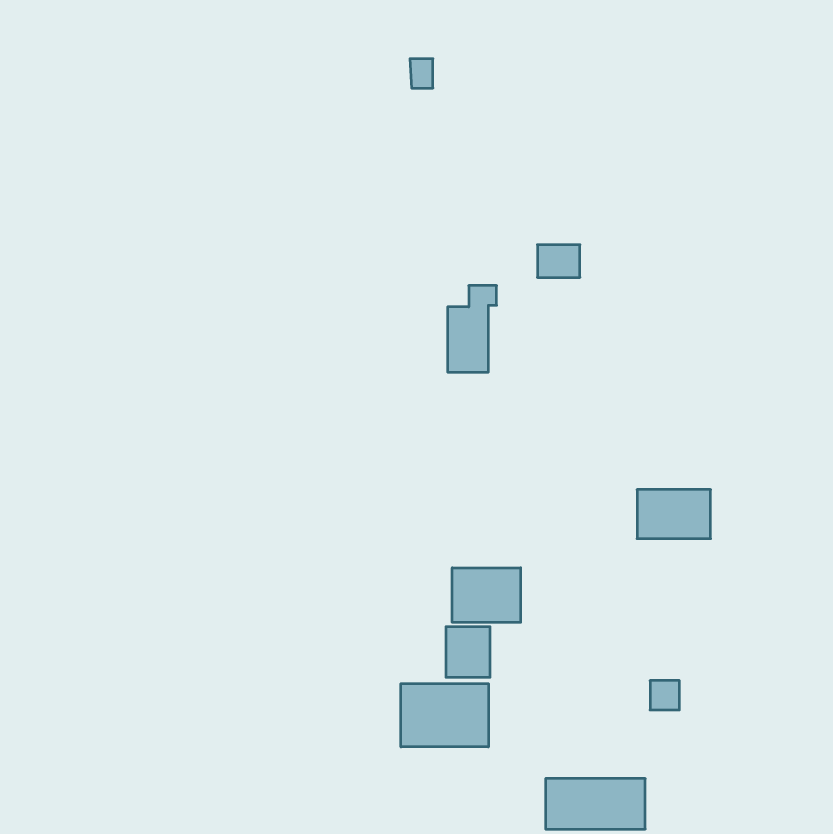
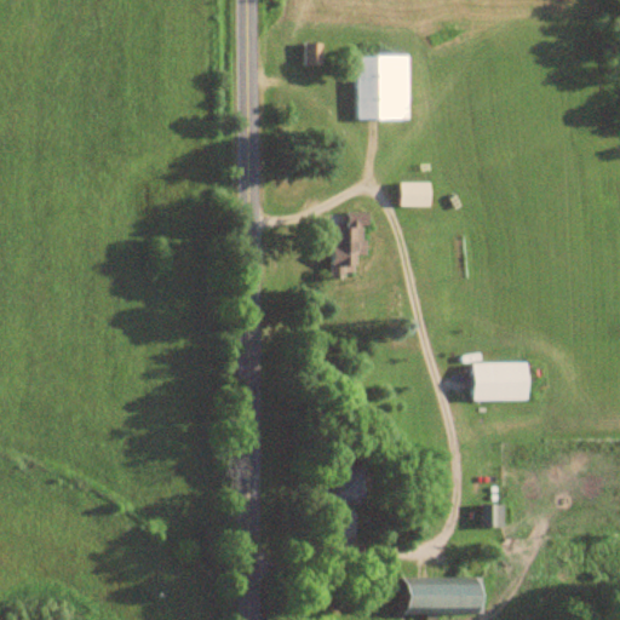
building: none -> [356,56,409,120]
building: [452,568,521,622] -> none
building: [401,684,488,747] -> none

